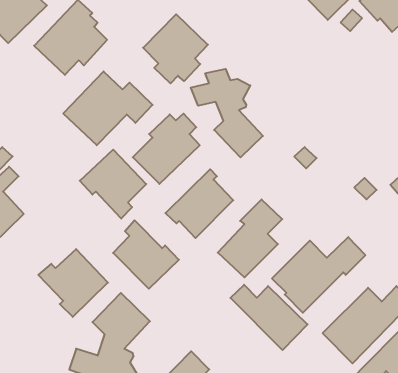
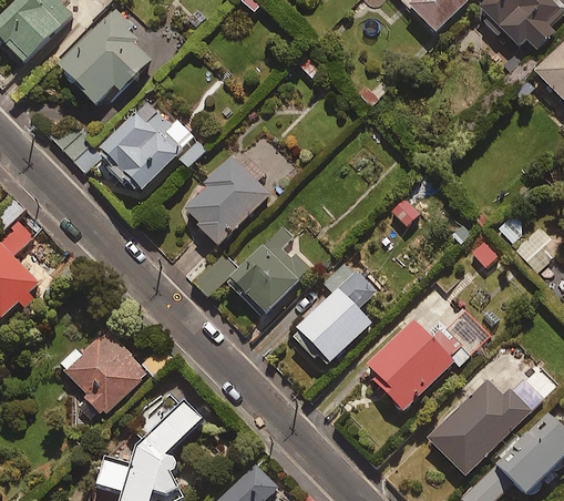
building: [143,14,208,83] -> none
building: [191,69,263,157] -> none
building: [80,150,146,219] -> none
building: [113,220,179,289] -> none
building: [230,285,308,350] -> none

